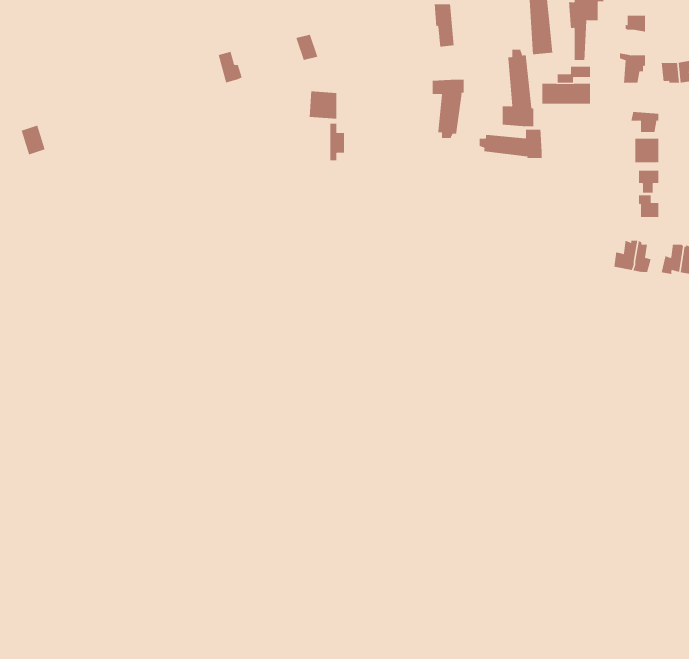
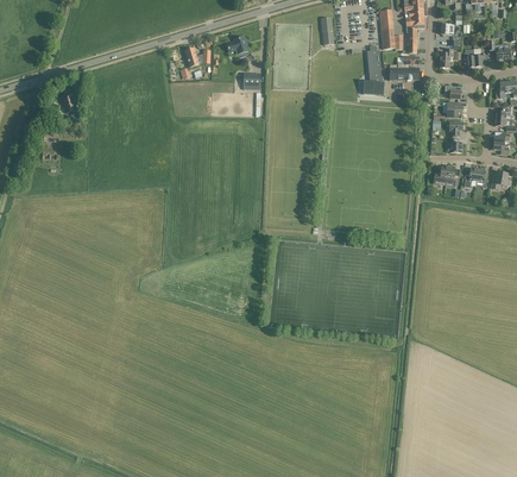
building: [432,79,464,139] -> none
building: [479,129,542,159] -> none

